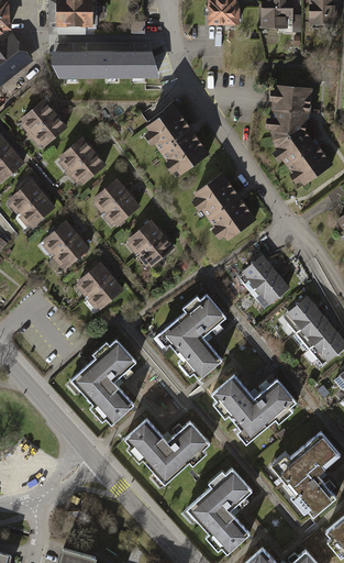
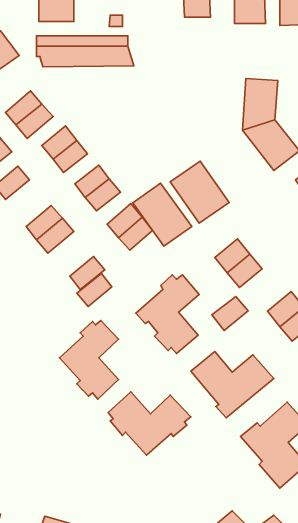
building: [149,110,212,177] -> [133,183,192,246]
building: [19,195,56,230] -> none
building: [75,262,112,297] -> [77,274,112,307]
building: [284,298,322,334] -> [212,296,248,331]
building: [184,470,247,553] -> none

